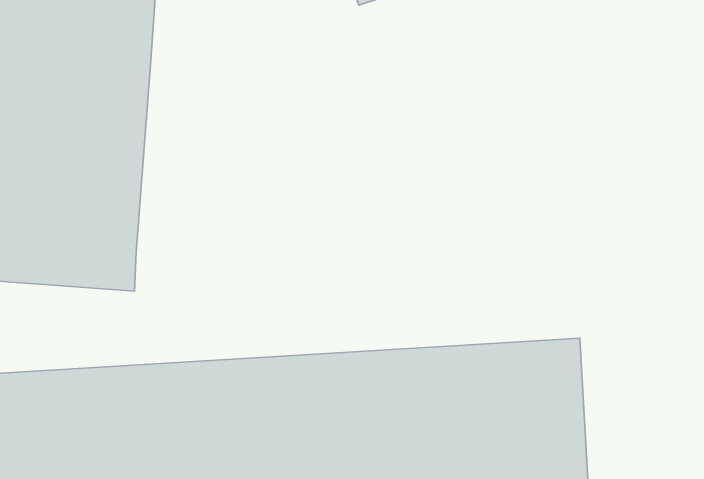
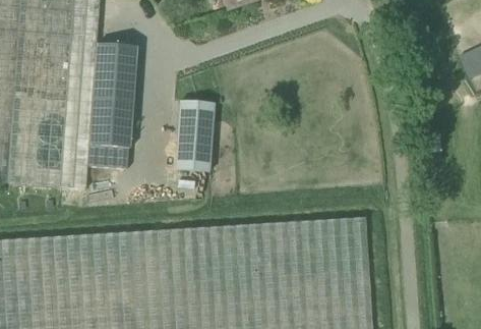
building: none -> [86,45,135,168]
building: none -> [174,102,214,172]

